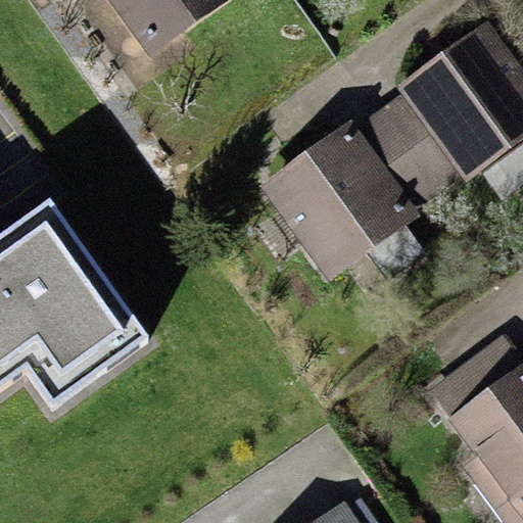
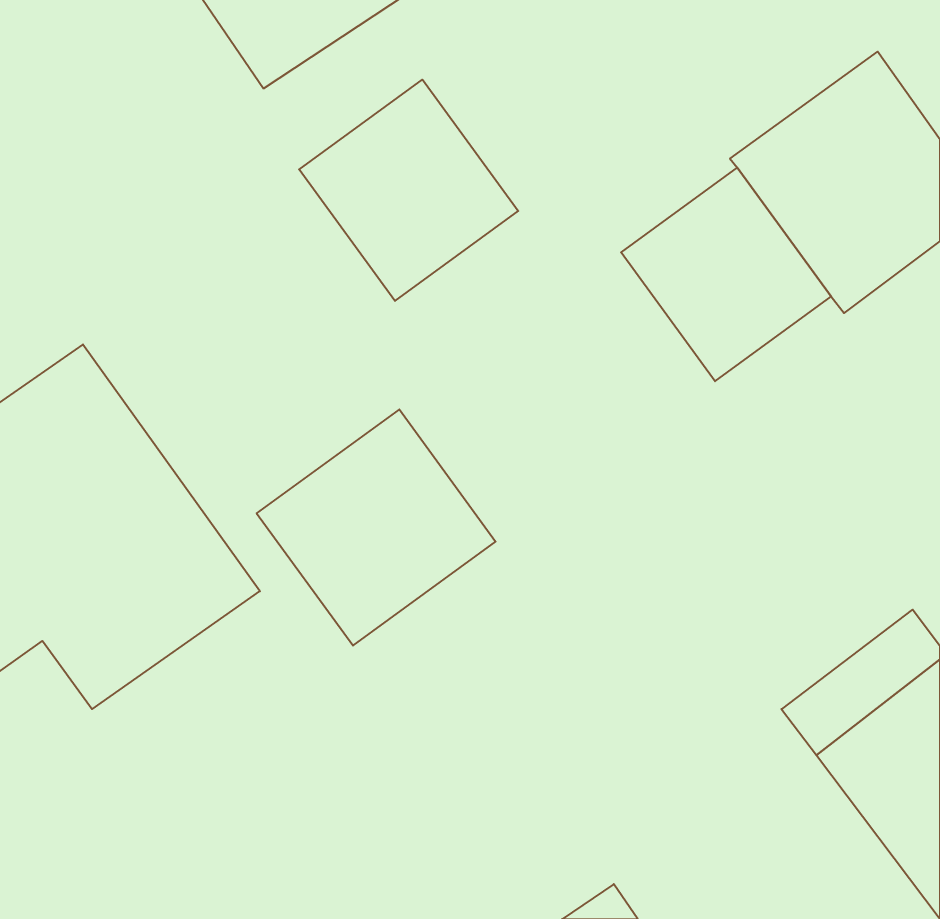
building: none -> [299,80,518,301]
building: [265,135,405,278] -> none
building: none -> [257,409,496,646]

